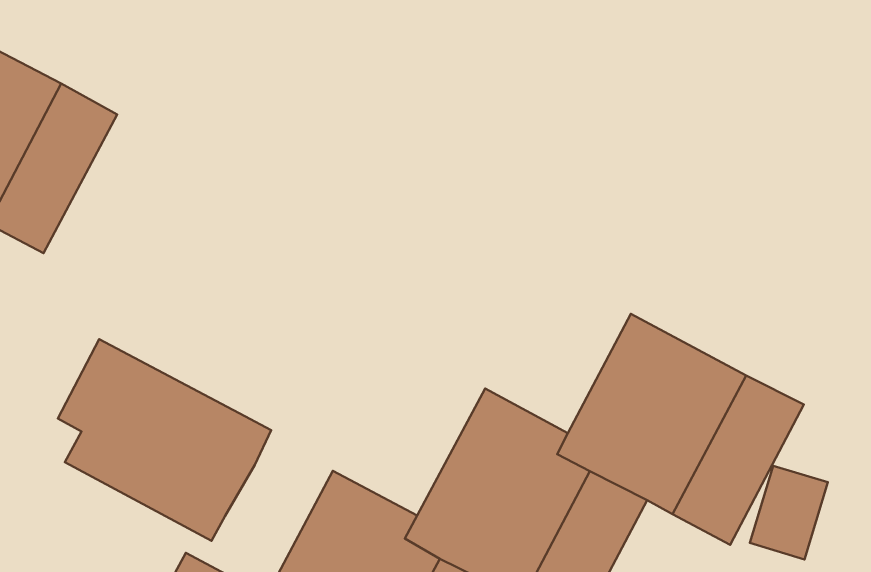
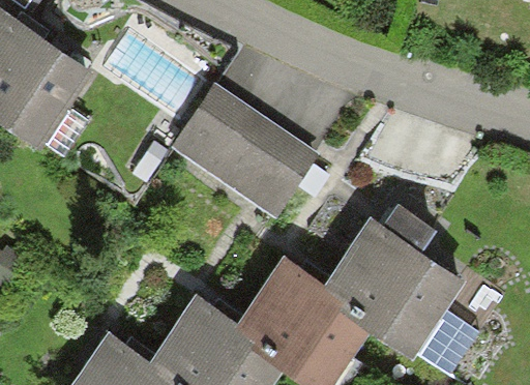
building: none -> [170,86,325,225]
building: [58,339,271,541] -> none

